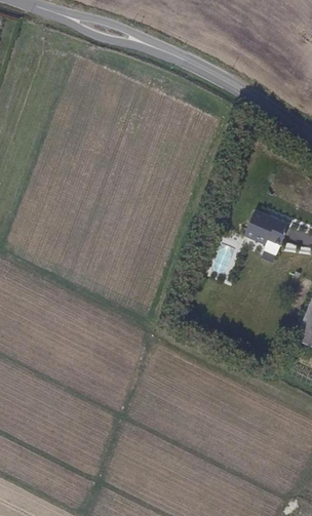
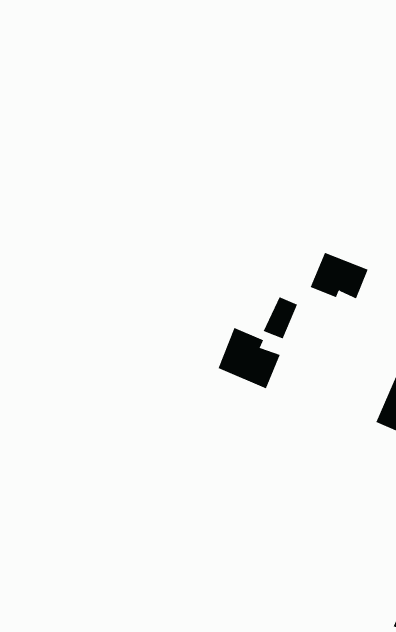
building: none -> [218,327,280,389]

